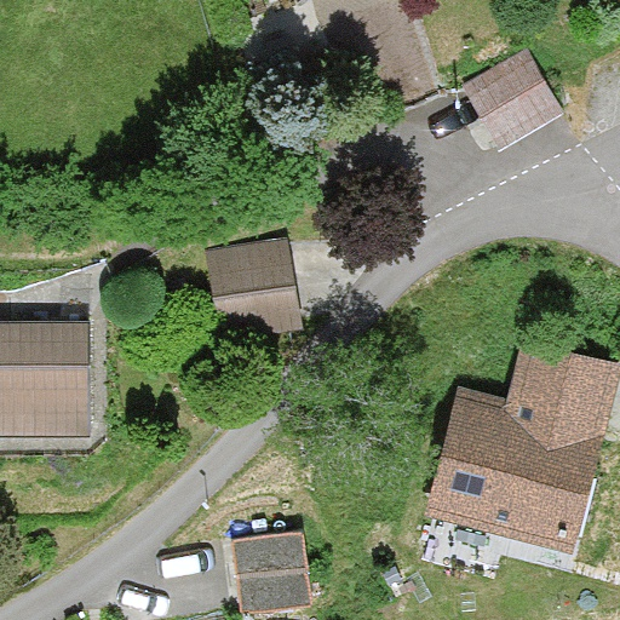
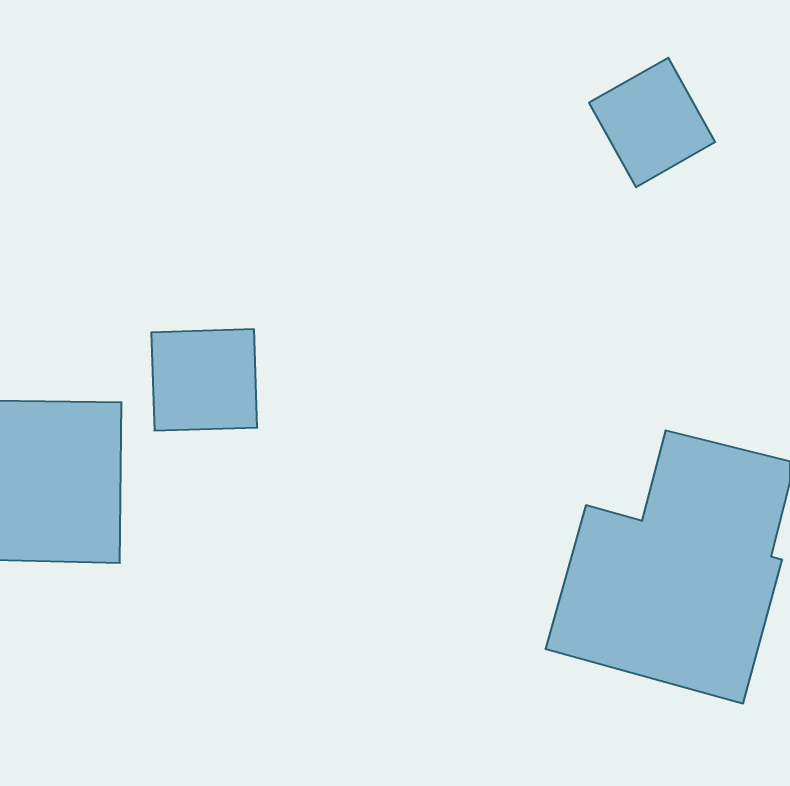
building: [212,240,294,318] -> [151,329,257,431]
building: [225,533,309,607] -> none

